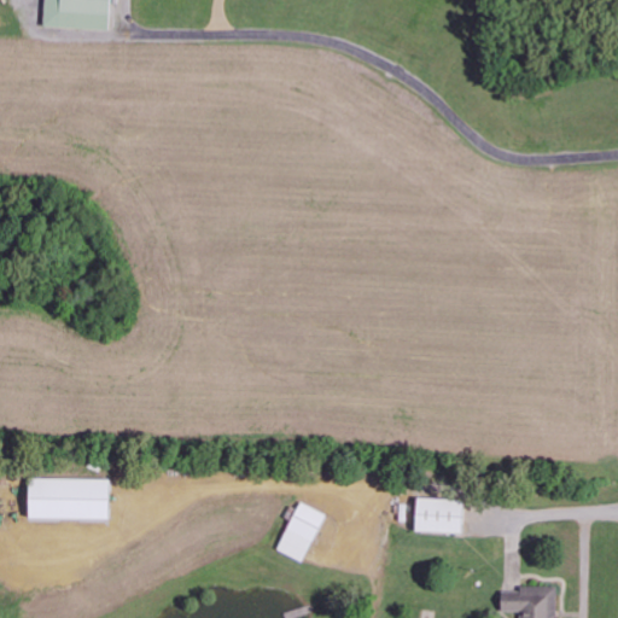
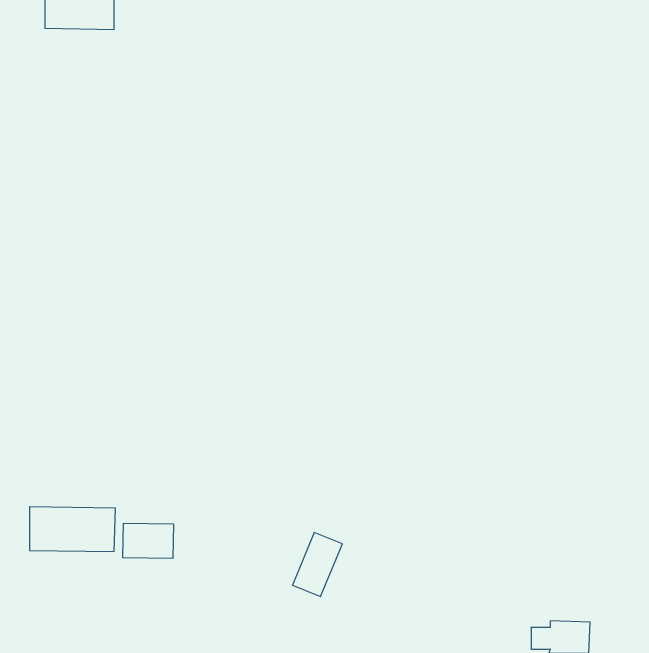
building: none -> [123,523,173,558]
building: [414,497,461,532] -> none

